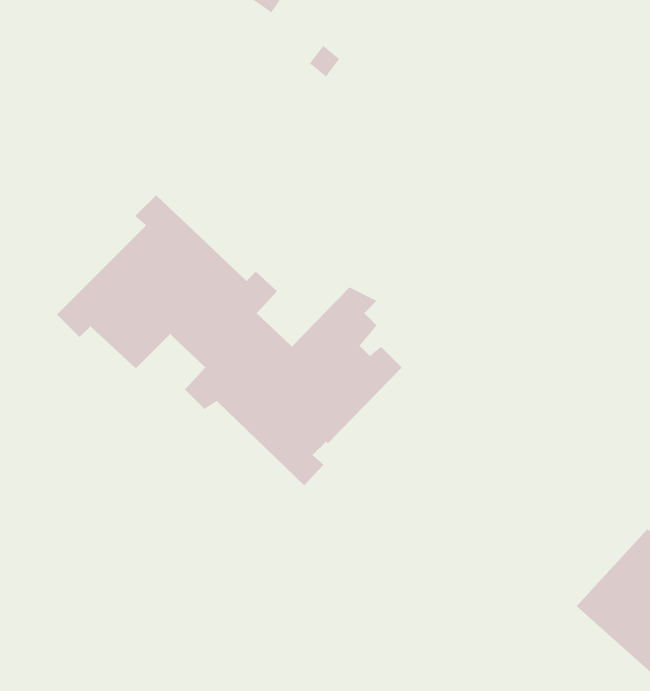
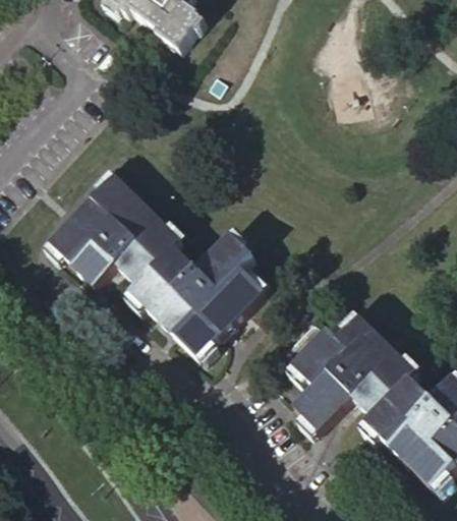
building: none -> [282,307,422,446]

